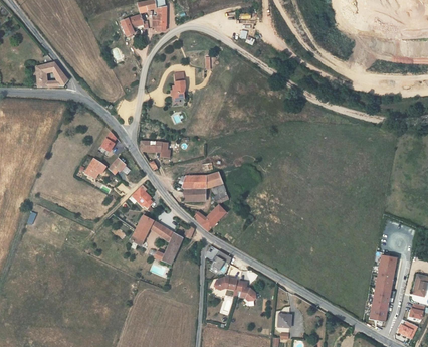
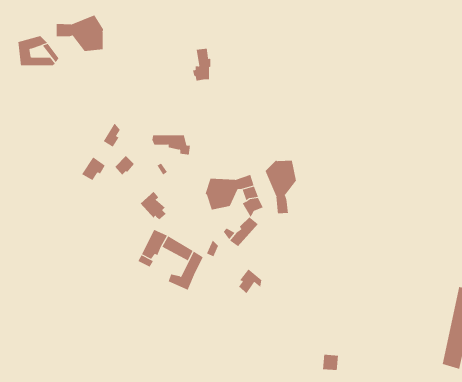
building: none -> [56,14,104,52]
building: none -> [265,160,296,214]
building: [211,273,251,297] -> none

